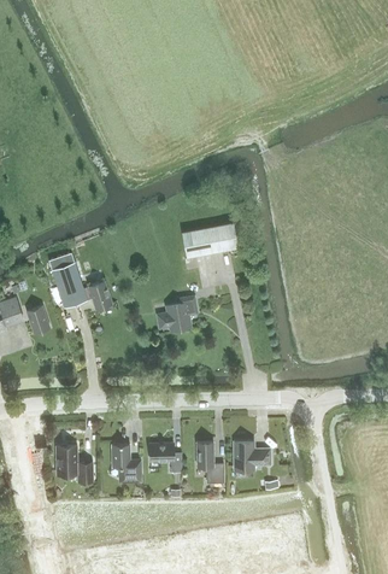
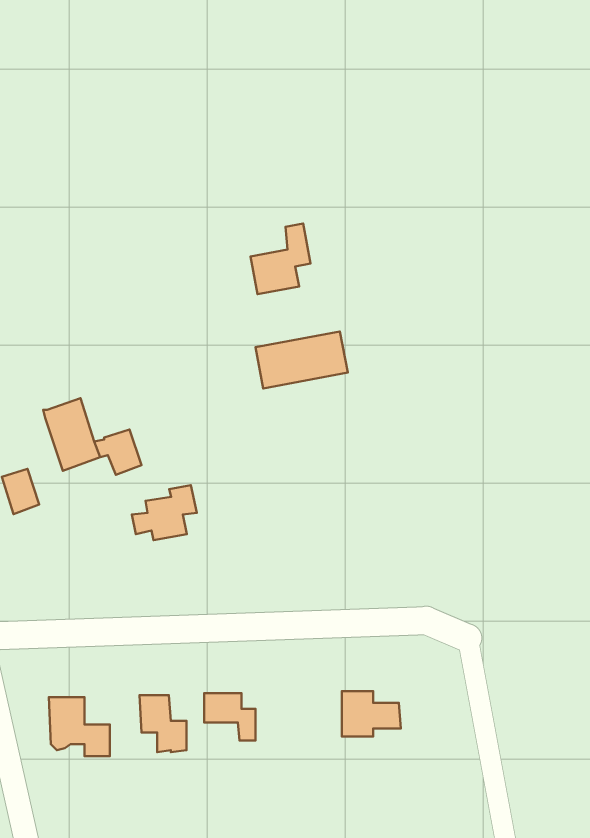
building: none -> [250,223,311,294]
building: [158,297,198,330] -> [132,485,197,540]
building: [196,443,224,484] -> none

